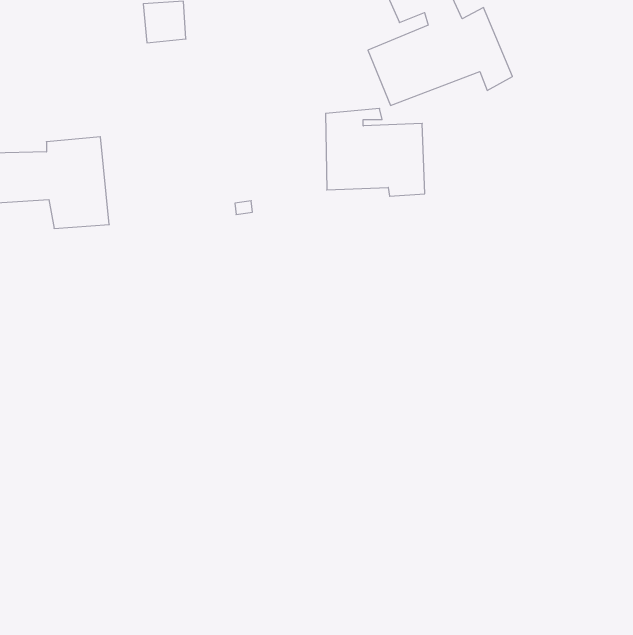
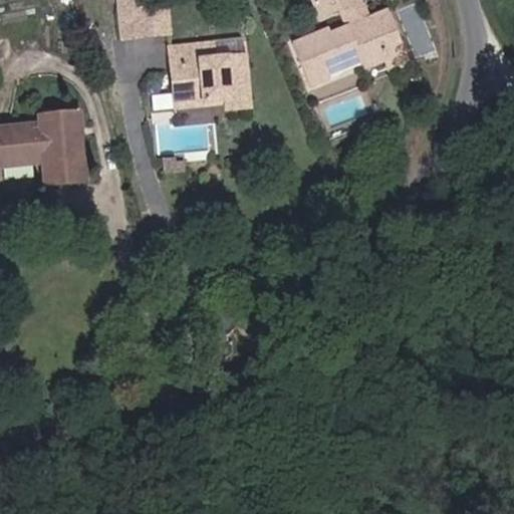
building: [326,108,425,196] -> [171,38,250,108]

